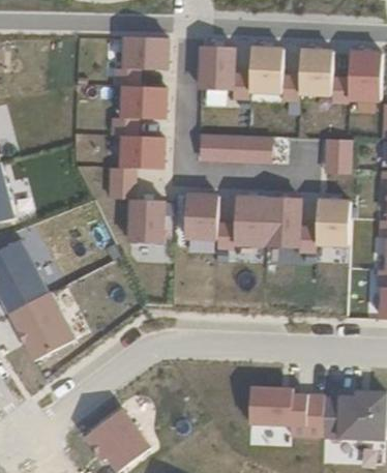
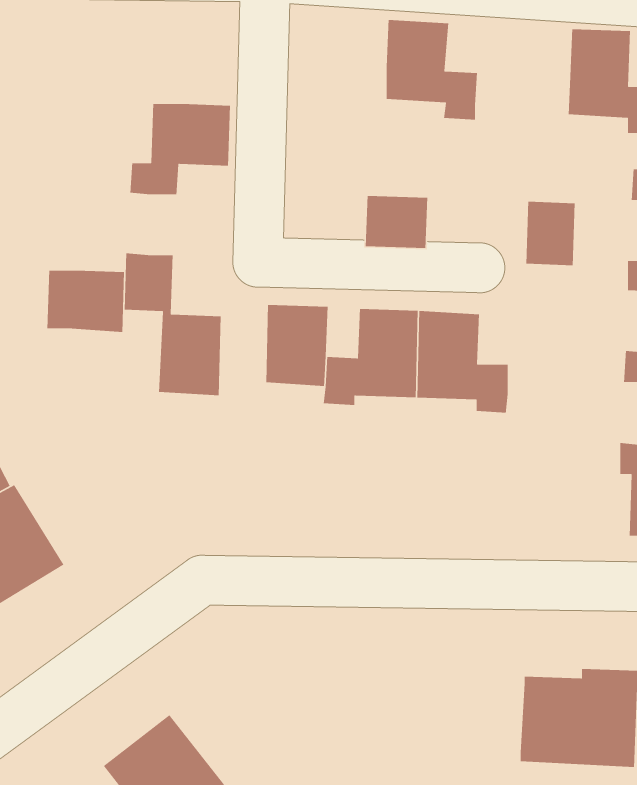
building: [113,36,168,86] -> none
building: [200,38,249,93] -> none
building: [298,42,349,97] -> none
building: [204,134,239,164] -> none
building: [121,136,163,170] -> [46,270,125,333]
building: [316,200,349,245] -> none
building: [249,387,324,437] -> none

